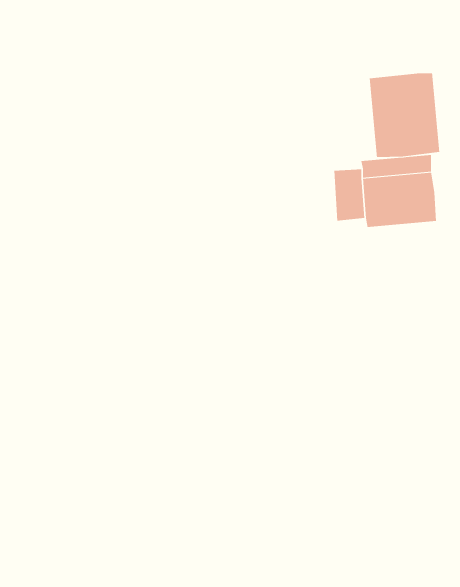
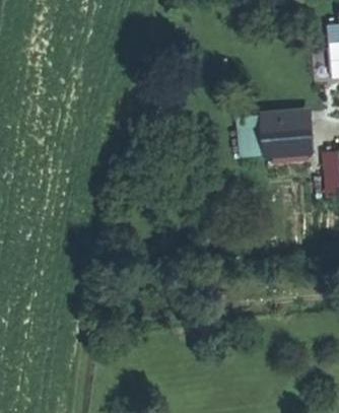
building: [369,72,440,158] -> none

